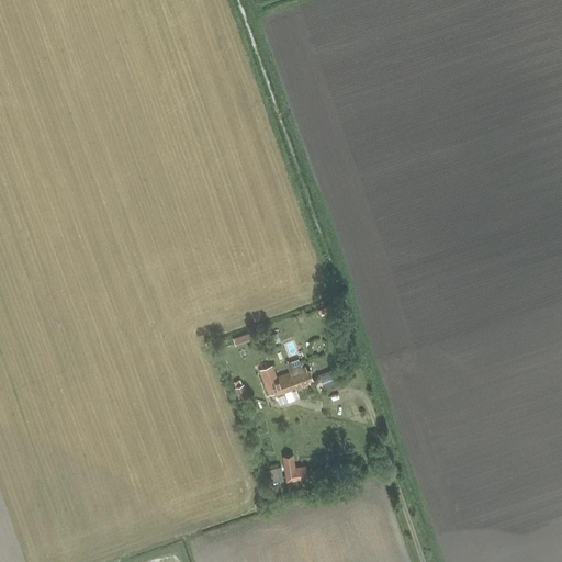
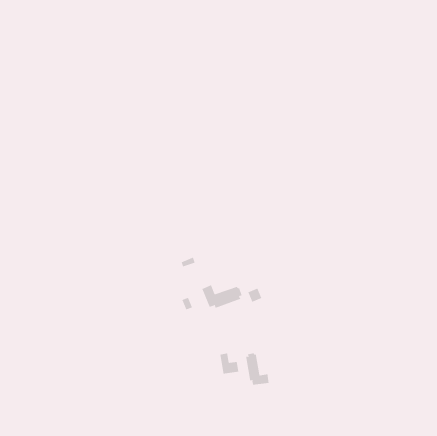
building: none -> [245,353,269,386]

